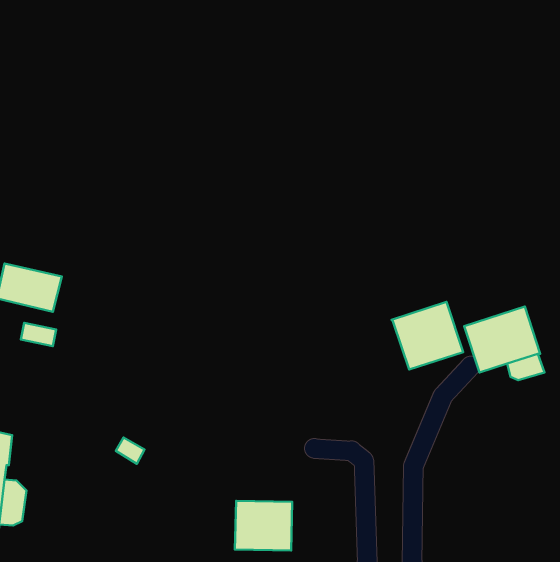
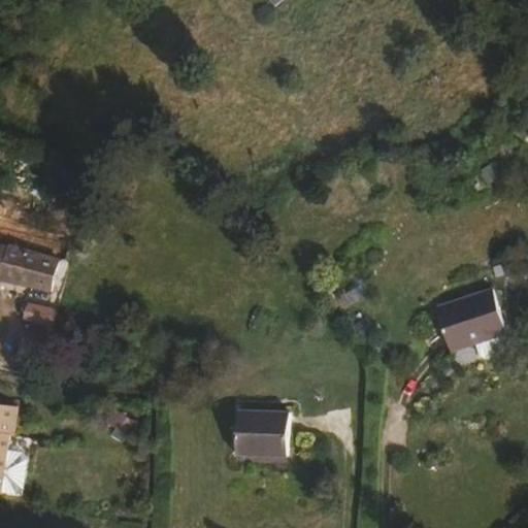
building: [392,302,463,370] -> none
building: [235,501,292,550] -> [235,408,289,455]

